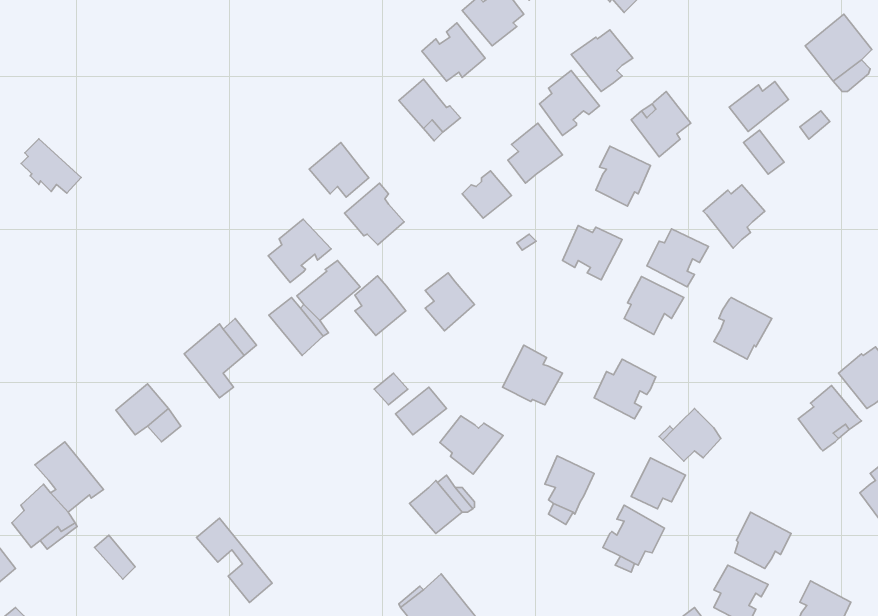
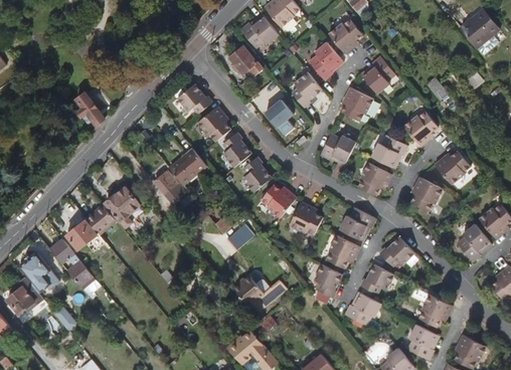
building: [729,82,788,132] -> none
building: [21,139,81,193] -> [70,97,105,128]
building: [268,219,331,283] -> none
building: none -> [434,147,470,180]
building: [355,276,406,336] -> [223,134,252,168]
building: none -> [86,205,116,235]
building: none -> [328,234,361,267]
building: [440,416,503,474] -> [260,184,296,217]
building: [197,518,272,603] -> [49,239,93,288]

